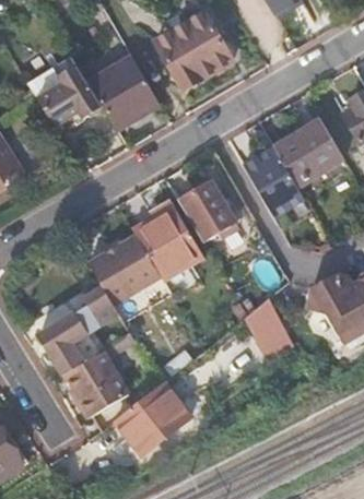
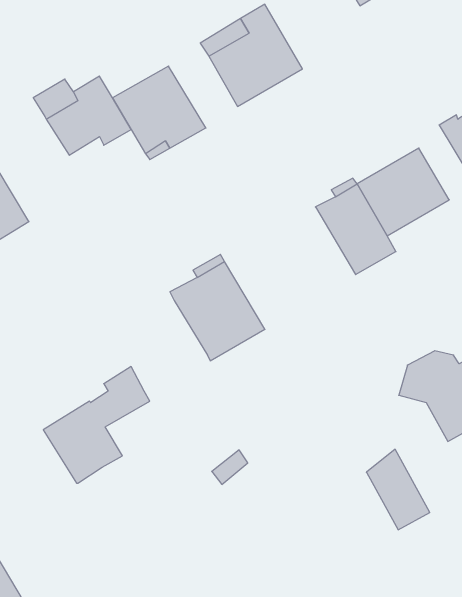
building: [178,181,236,242] -> none
building: [89,236,161,305] -> none
building: [247,298,295,359] -> [366,449,430,530]
building: [62,351,126,416] -> none
building: [115,381,191,453] -> none

